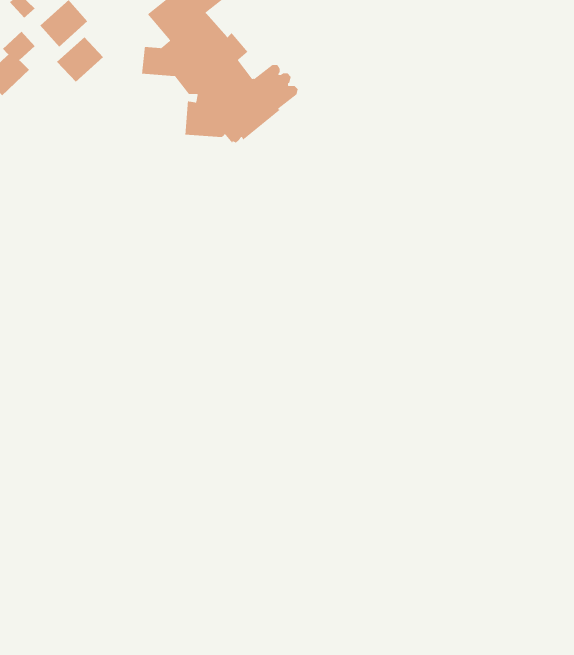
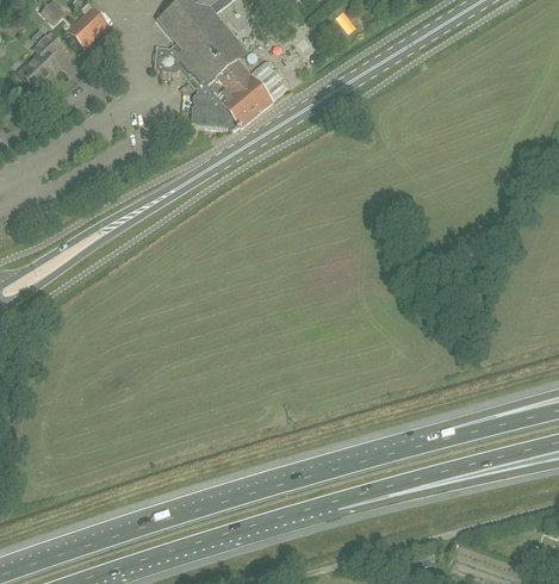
building: [56,36,104,83] -> none

